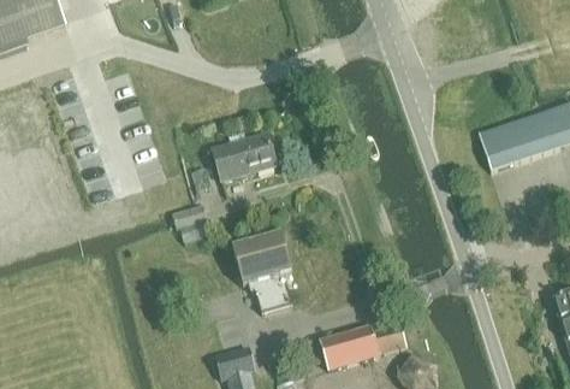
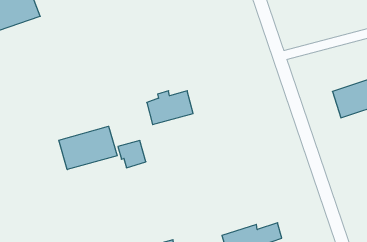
building: none -> [59,126,117,170]
building: [231,234,292,313] -> none

